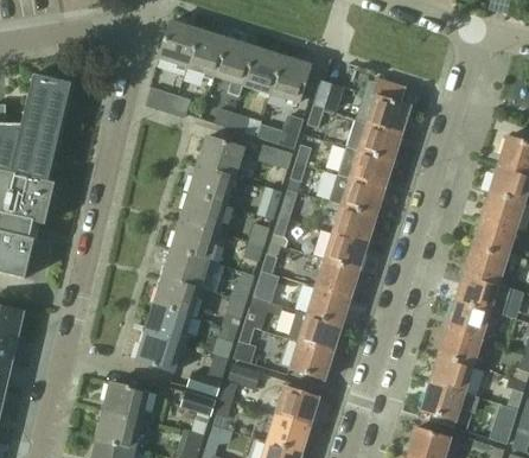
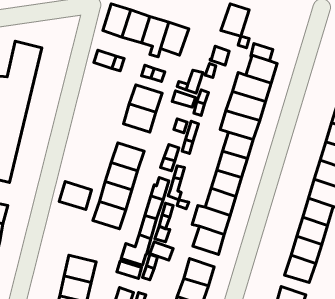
building: [270,56,311,102] -> [221,4,249,36]
building: [181,192,228,231] -> none
building: [138,331,184,371] -> [59,182,91,210]

